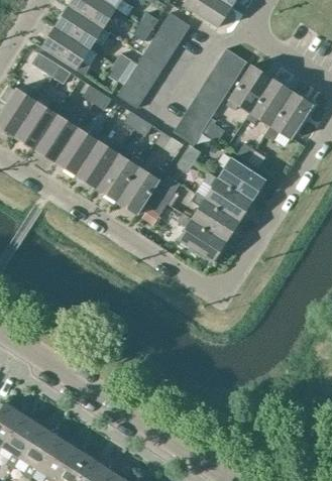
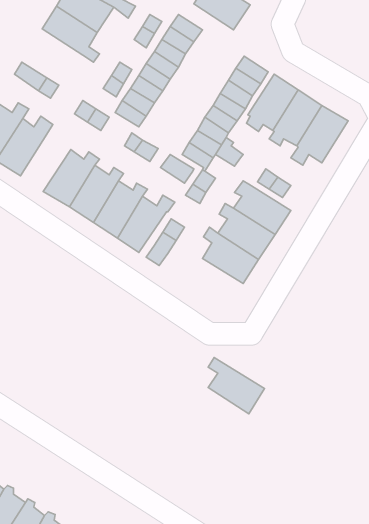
building: [41,26,92,77] -> none
building: [37,115,84,163] -> none
building: [178,215,225,262] -> [208,357,264,414]

